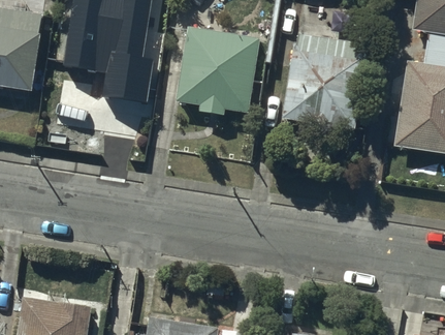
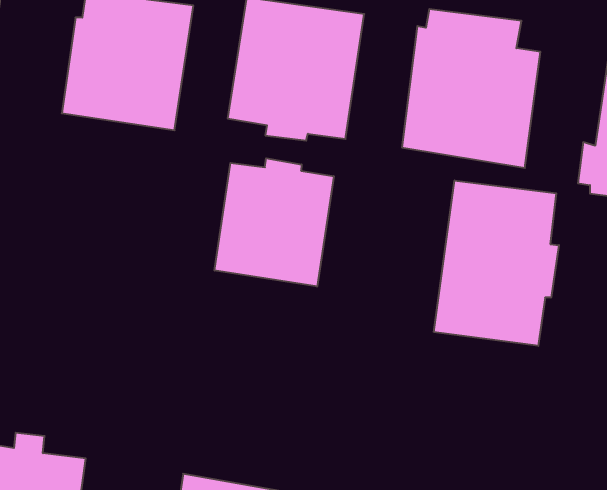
building: none -> [215,158,334,287]
building: none -> [434,180,559,346]

